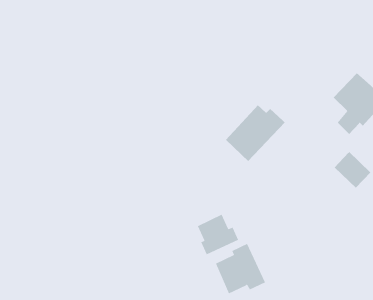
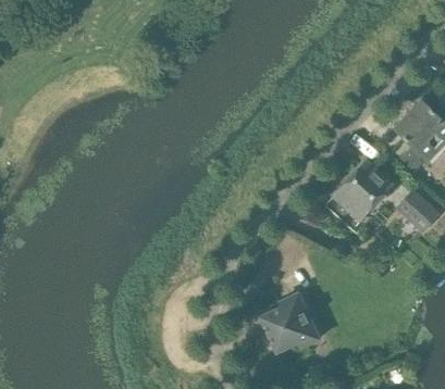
building: [225,104,285,162] -> [324,164,393,229]
building: [197,214,239,255] -> none

